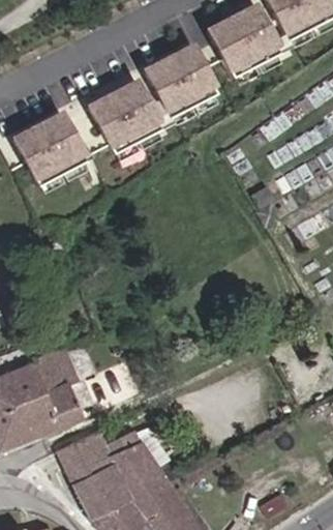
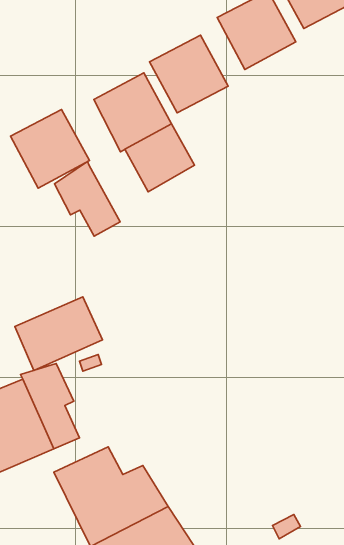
building: none -> [125,124,194,192]
building: none -> [54,162,120,236]
building: none -> [15,297,103,370]

